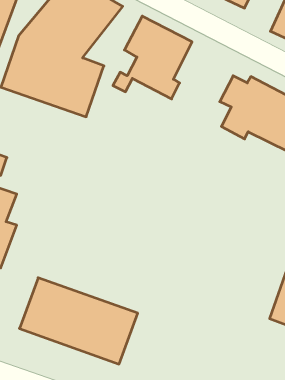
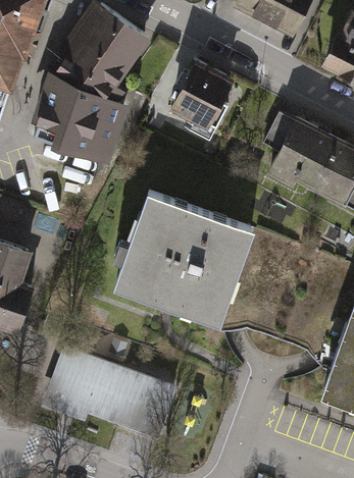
building: none -> [117,192,255,324]

